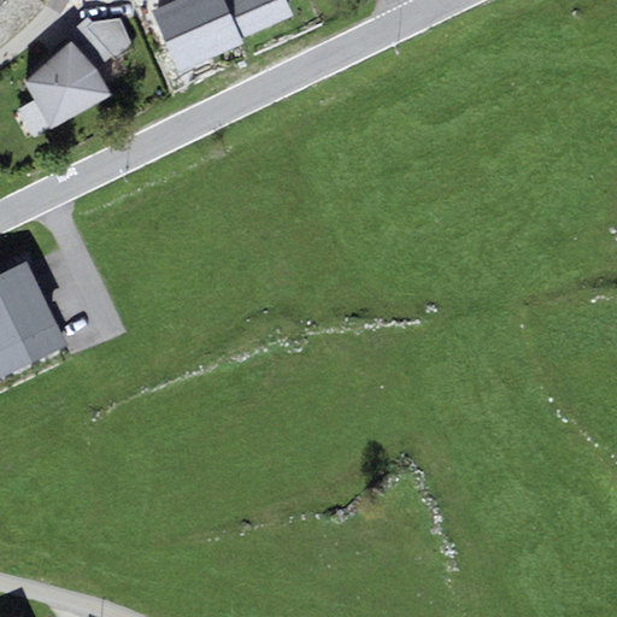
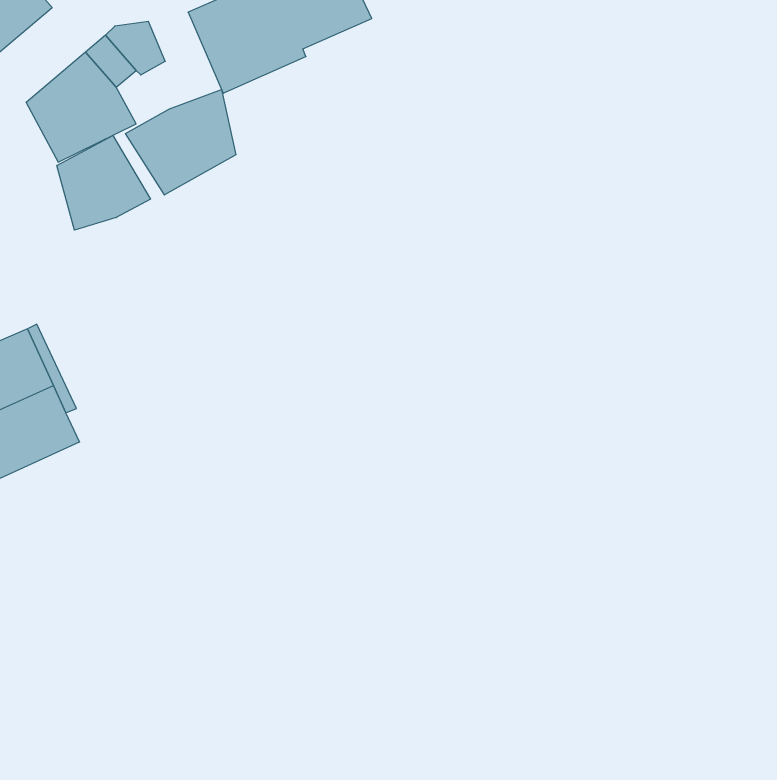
building: none -> [125,89,236,195]
building: none -> [57,135,151,230]

